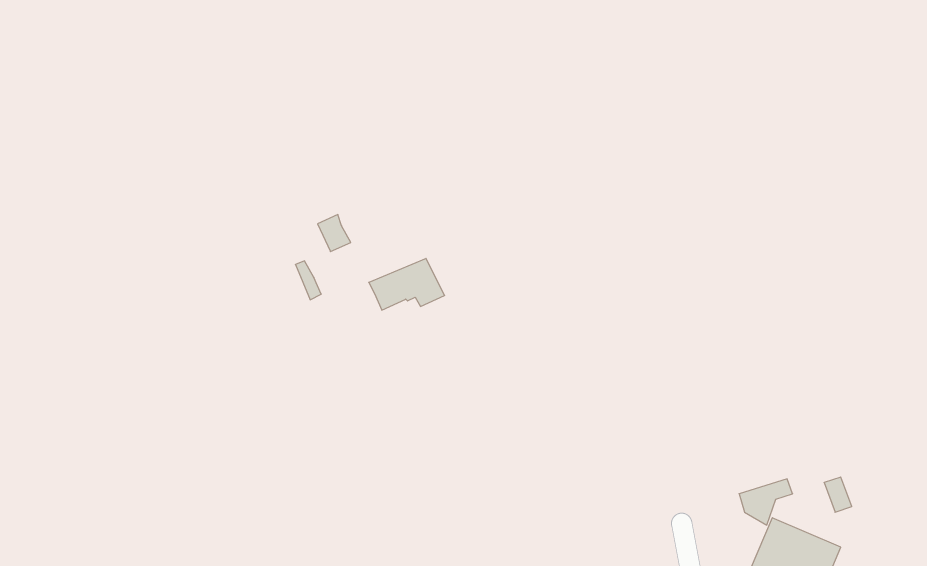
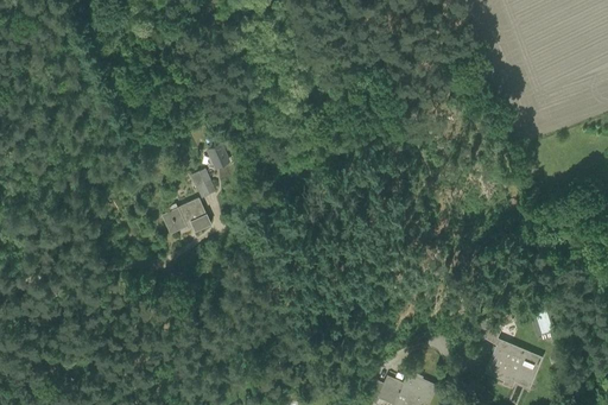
building: [369,258,445,310] -> [162,200,210,233]

